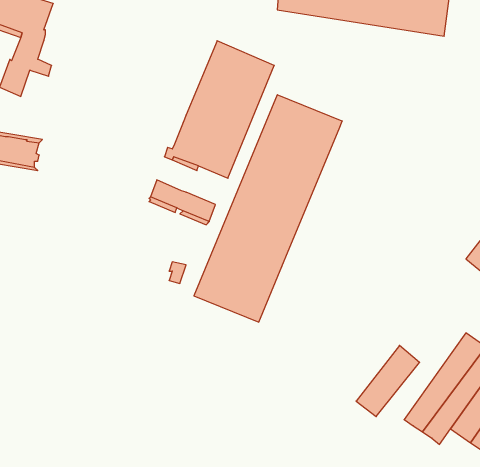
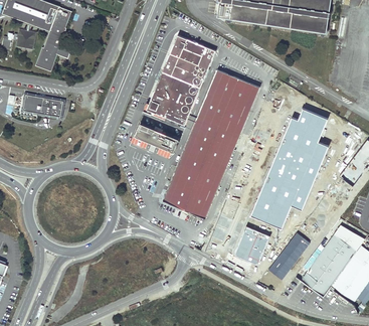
building: none -> [251,109,329,228]
building: none -> [234,226,270,265]

